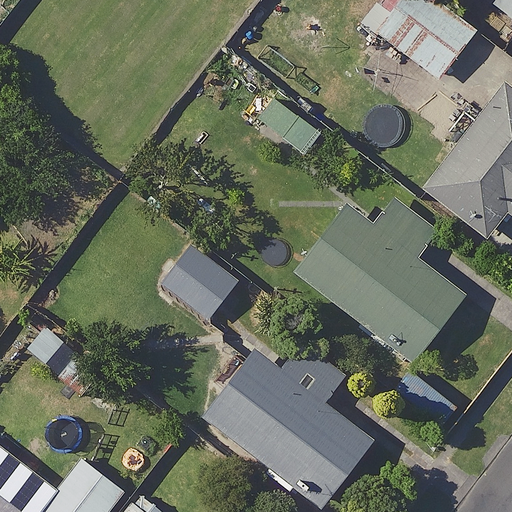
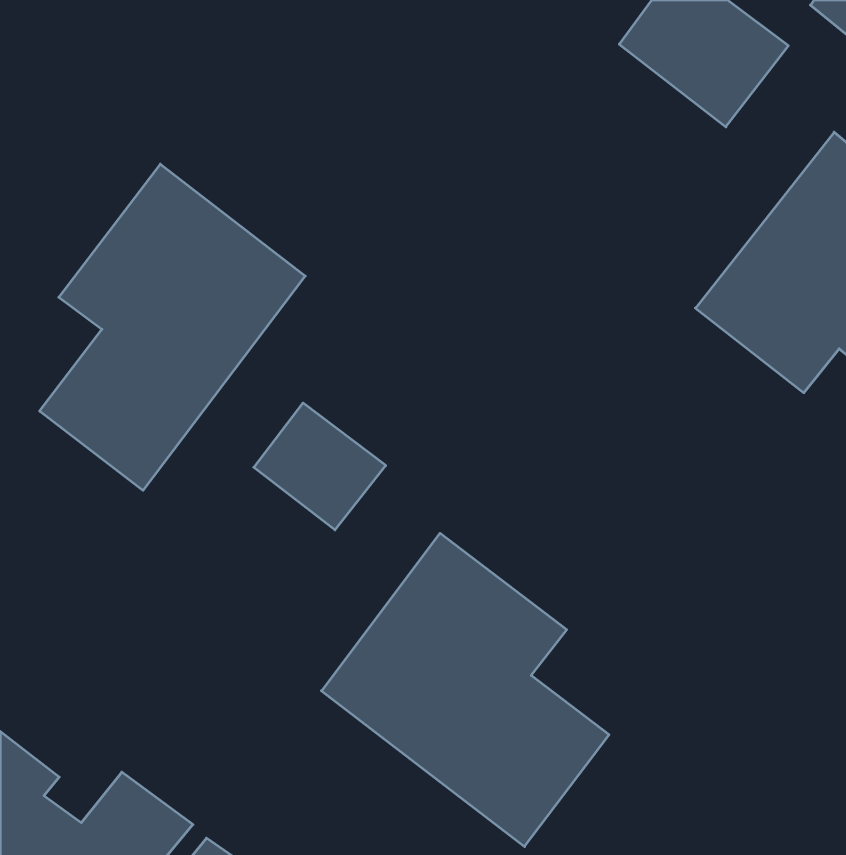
building: none -> [40,164,305,490]
building: [294,207,462,361] -> none

